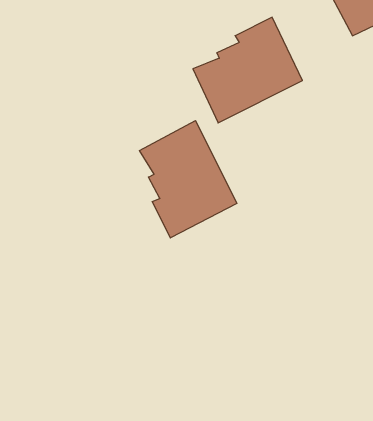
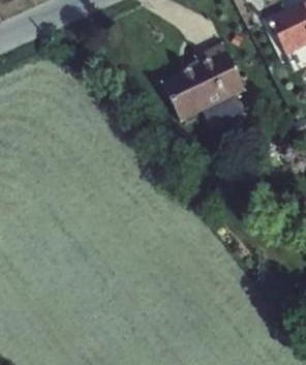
building: [139,121,237,238] -> none

